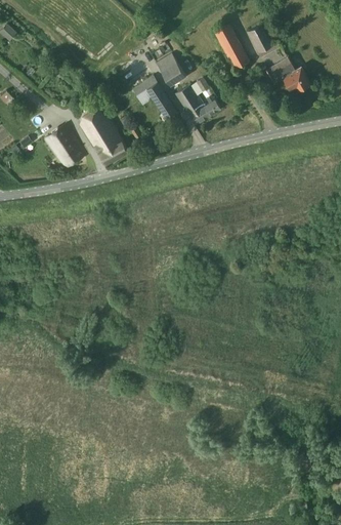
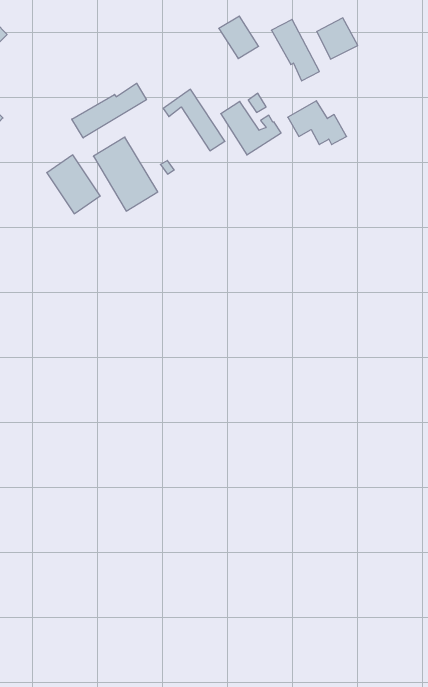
building: [156,53,185,85] -> [219,16,259,59]
building: [265,57,309,90] -> [288,101,347,145]
building: none -> [72,83,146,138]

